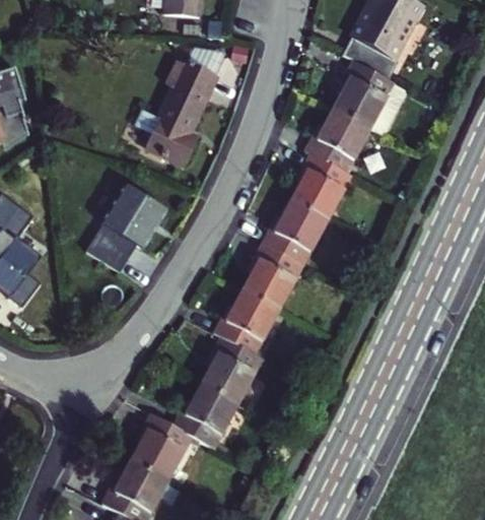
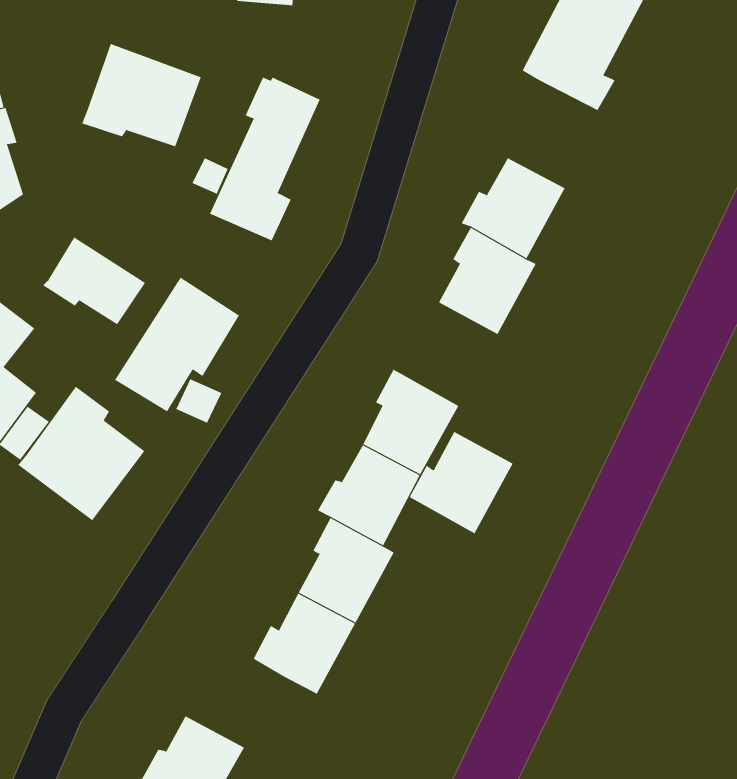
building: none -> [81,43,201,147]
building: [333,62,398,136] -> none
building: none -> [42,237,146,325]
building: [261,202,327,267] -> [409,431,514,534]
building: none -> [18,386,145,521]
building: [130,414,192,482] -> none

